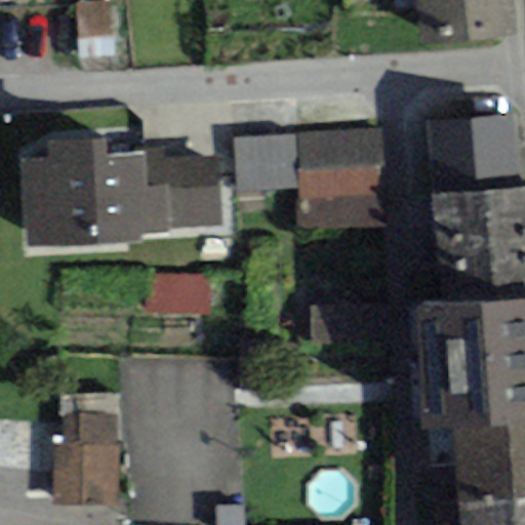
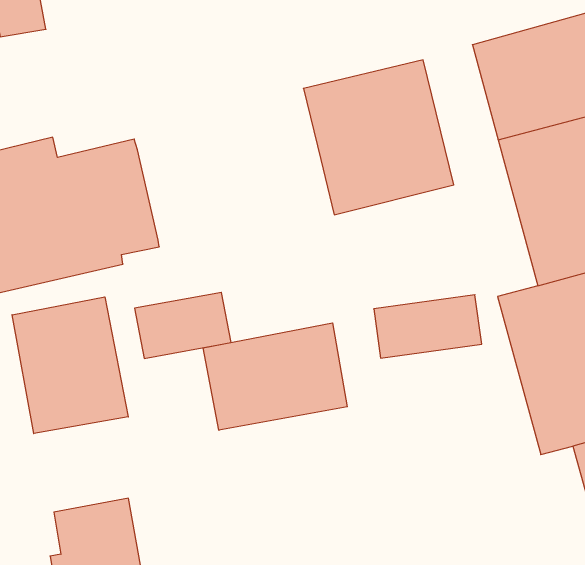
building: [234,133,299,193] -> none
building: [166,155,221,227] -> none
building: none -> [12,297,128,434]
building: none -> [203,323,347,430]

